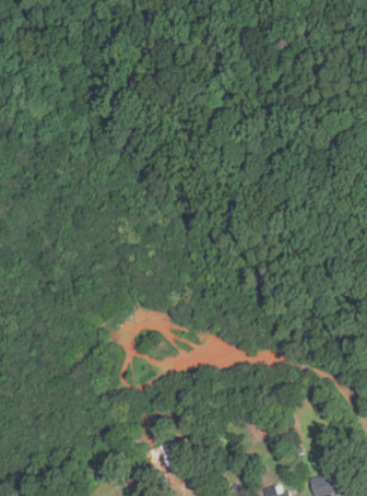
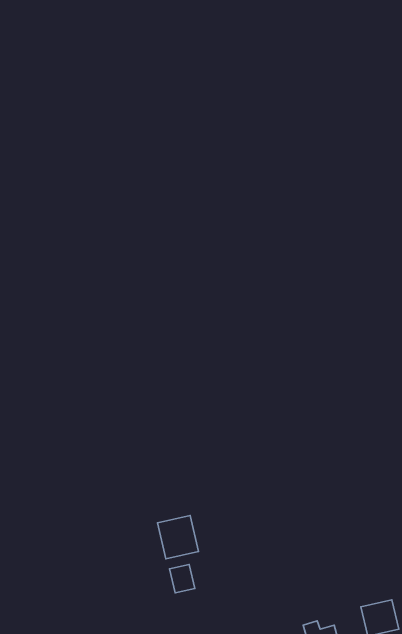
building: none -> [157,516,199,559]

